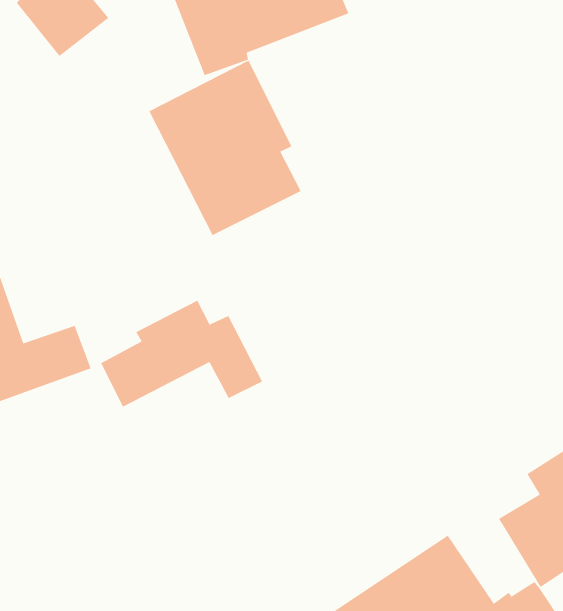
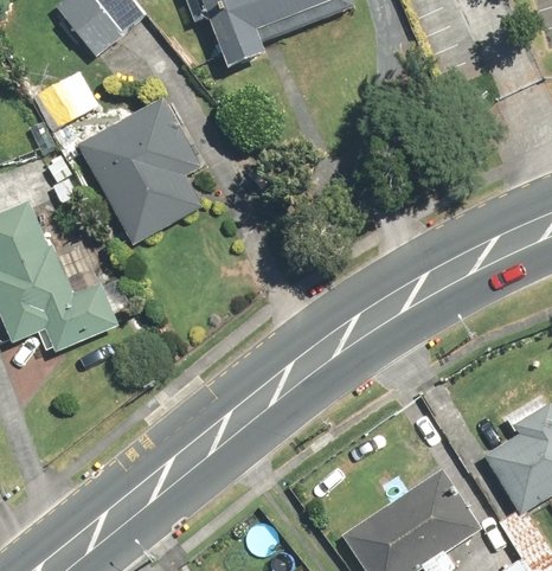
building: [149,60,302,236] -> [76,95,210,249]
building: [100,300,263,408] -> none

